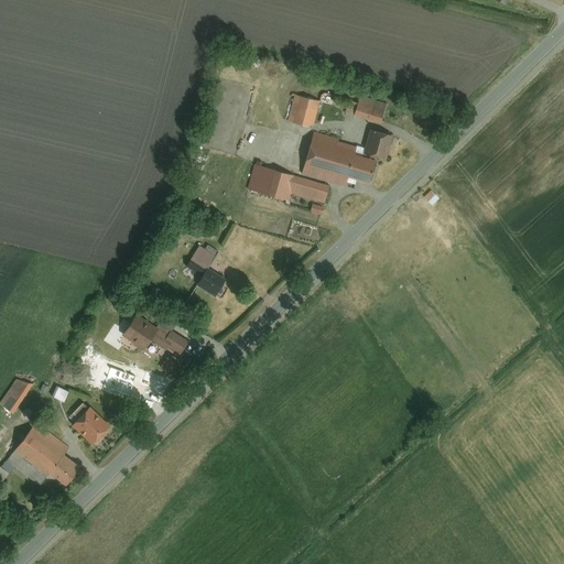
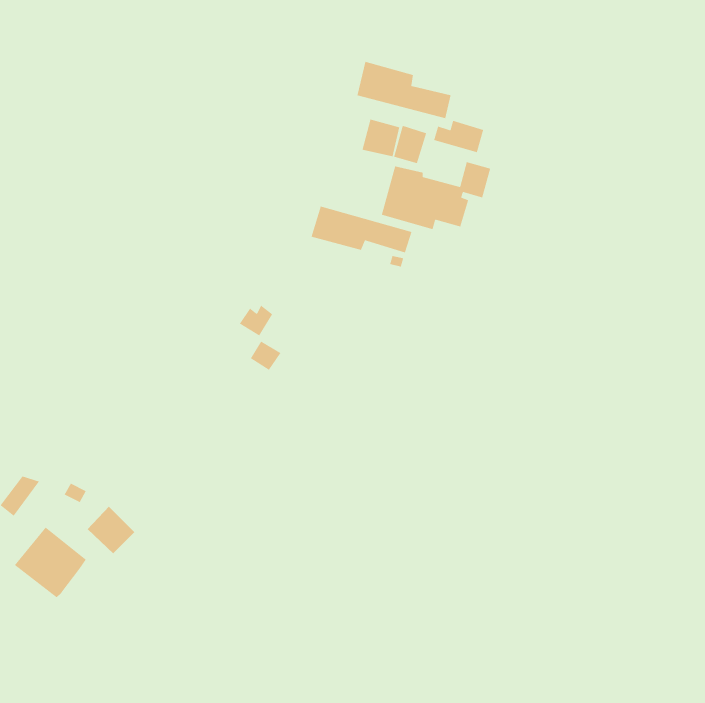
building: none -> [356,61,452,119]
building: none -> [393,125,427,164]
building: [121,315,187,354] -> none
building: [50,456,78,486] -> none

